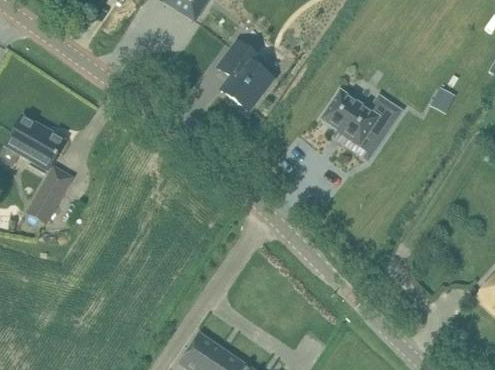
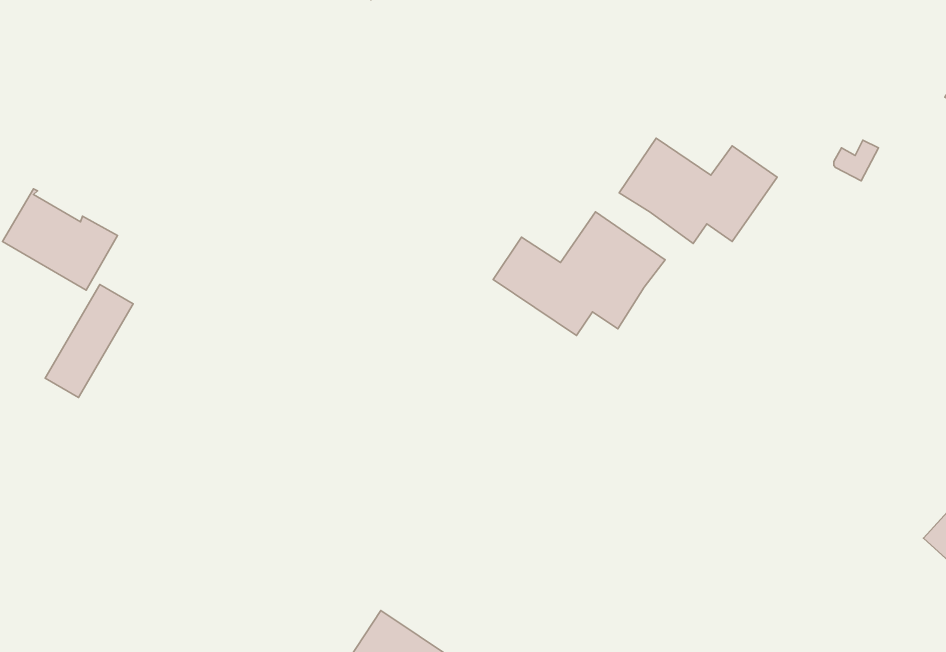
building: [218,40,273,110] -> none
building: none -> [493,212,665,336]

